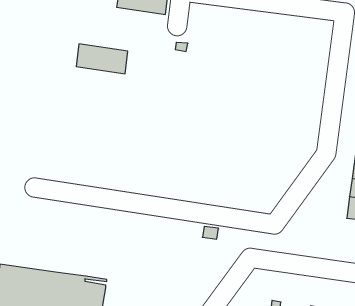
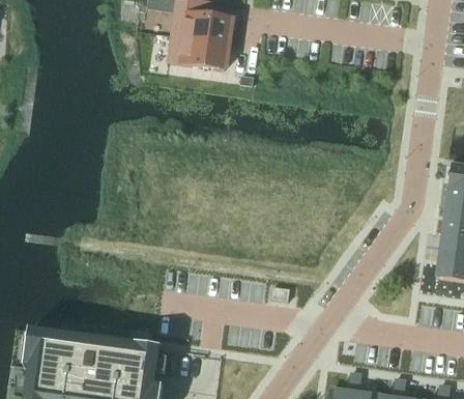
building: [76,44,128,74] -> [169,34,228,68]

